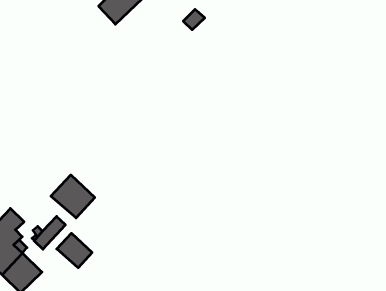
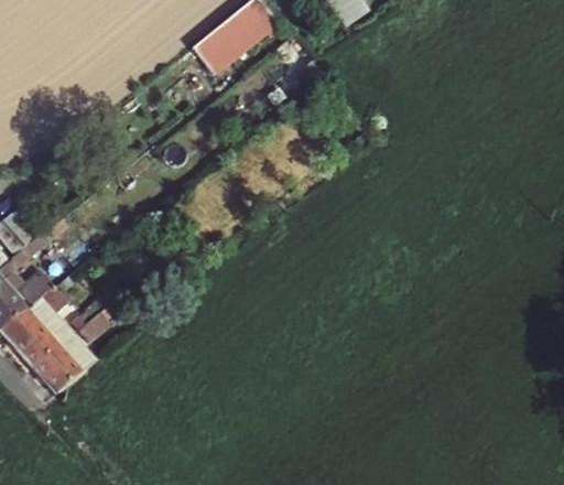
building: [51,175,95,218] -> none
building: [57,233,92,268] -> none

